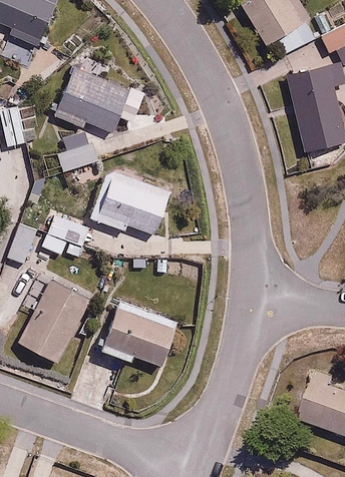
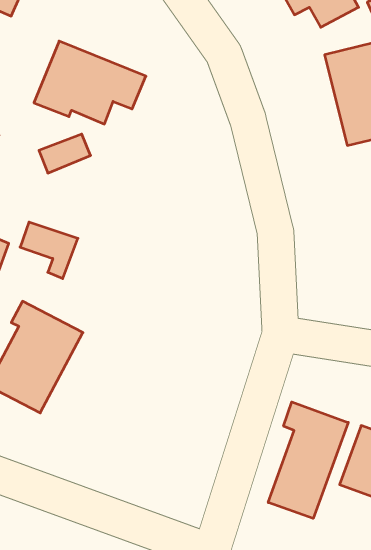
building: [90,170,168,234] -> none
building: [101,302,177,364] -> none
building: none -> [268,402,348,518]

